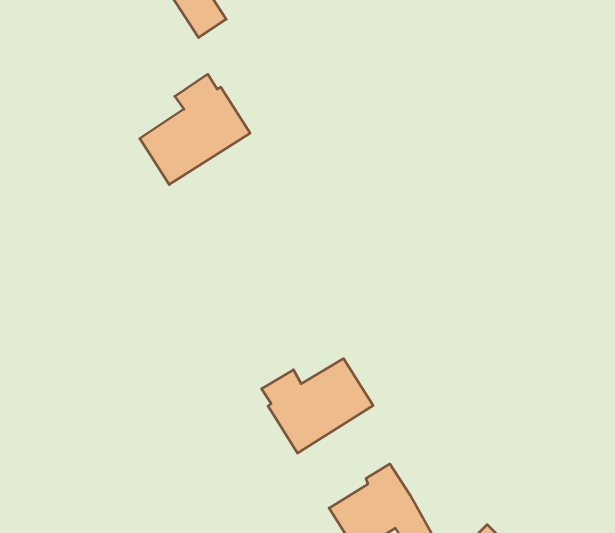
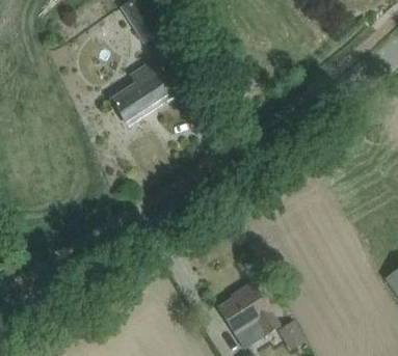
building: [262,359,373,453] -> none

